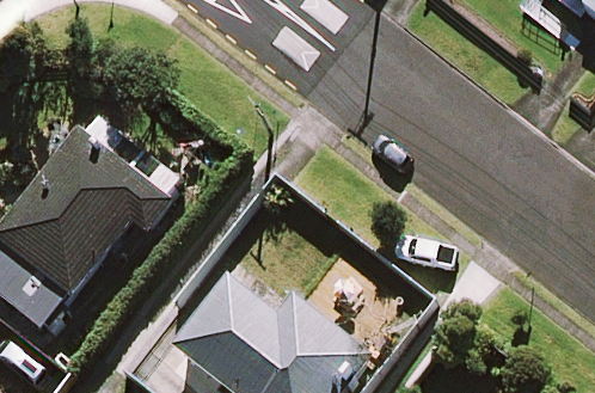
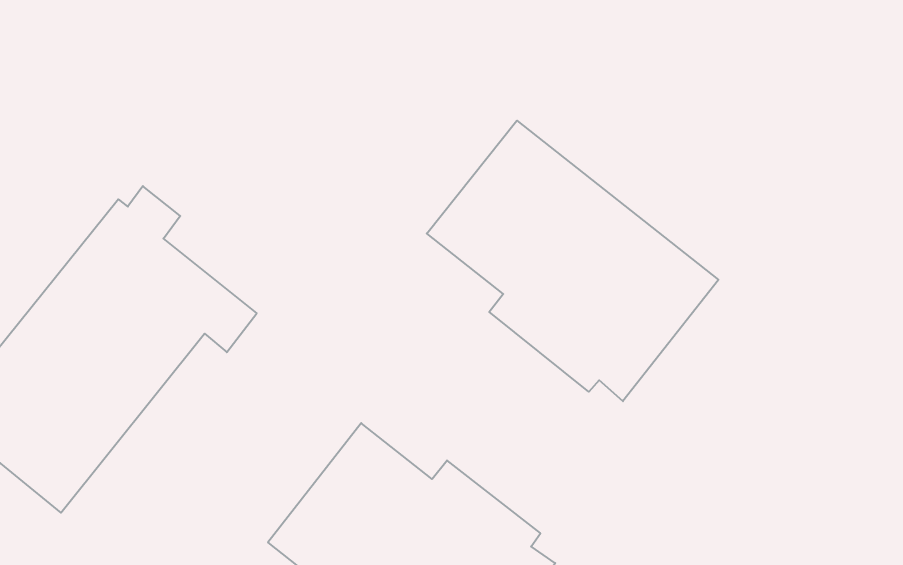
building: none -> [427,121,718,401]

